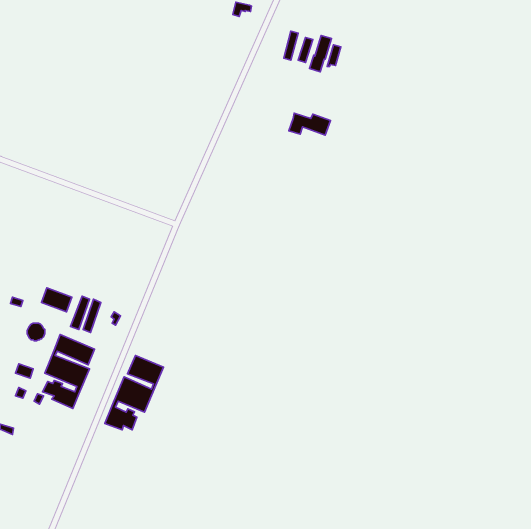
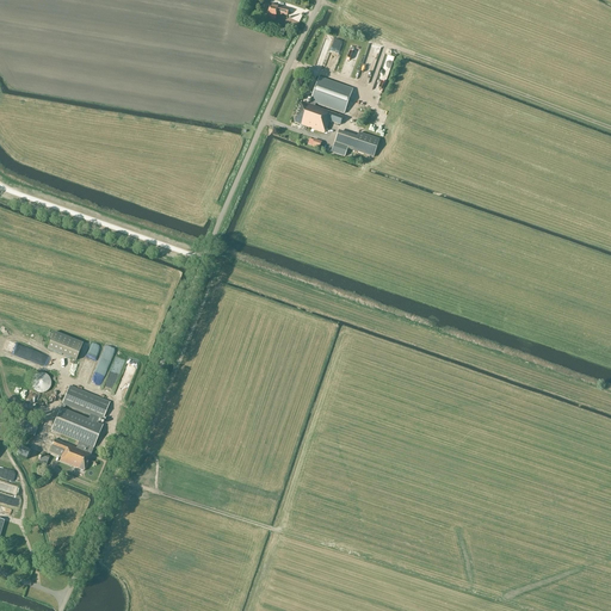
building: none -> [294,76,352,131]
building: [105,356,164,430] -> none

